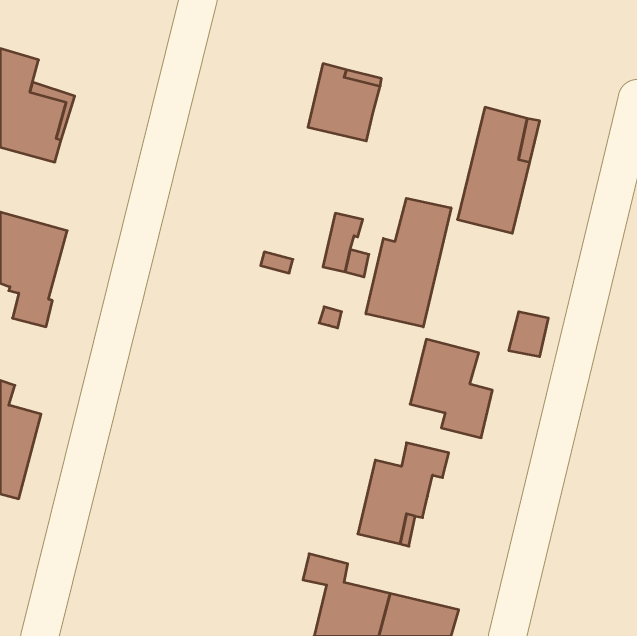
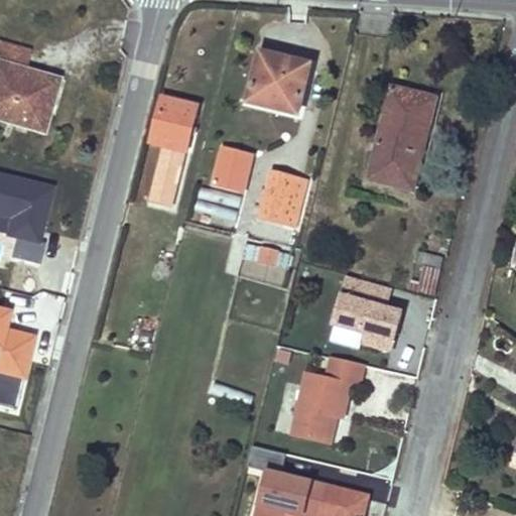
building: none -> [149,97,196,206]
building: none -> [214,147,251,192]
building: [366,198,451,327] -> none

